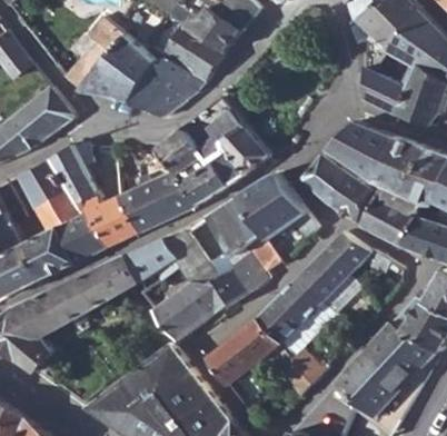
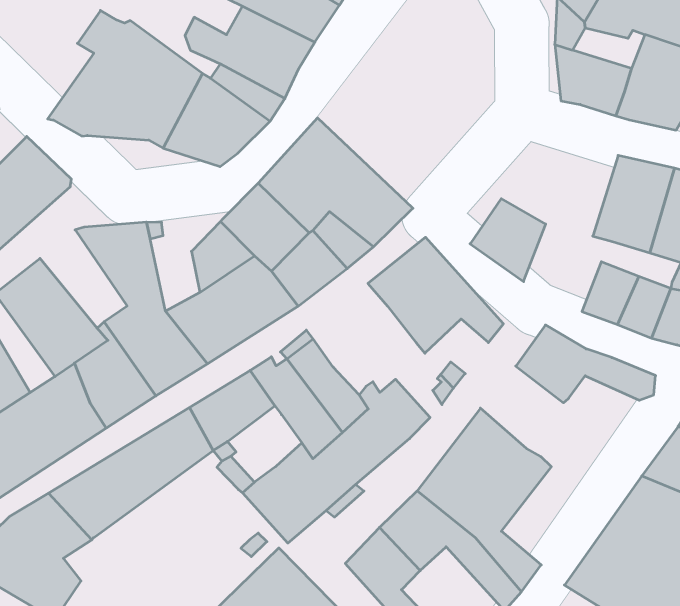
building: [327,120,393,181] -> none
building: [48,145,96,204] -> none
building: [329,171,375,222] -> none
building: [203,195,262,255] -> none
building: [296,252,345,301] -> none

